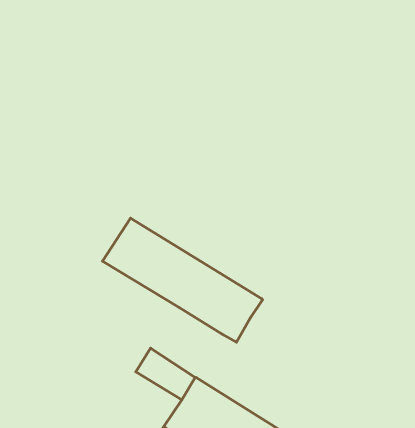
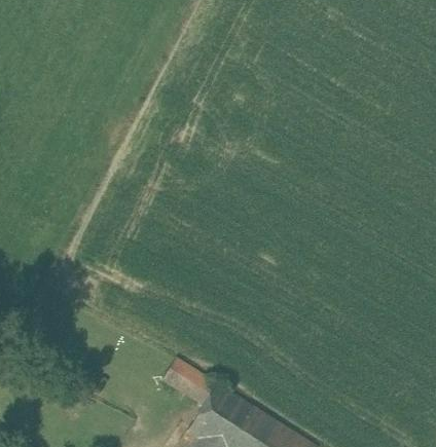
building: [103,218,262,342] -> none

